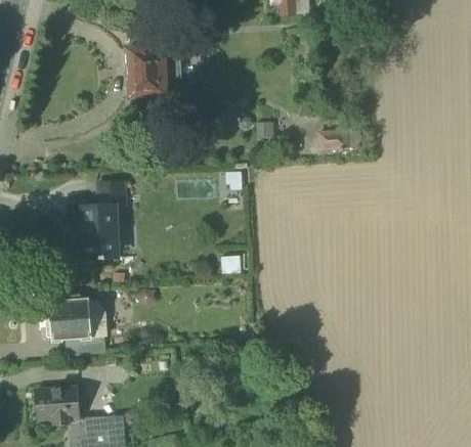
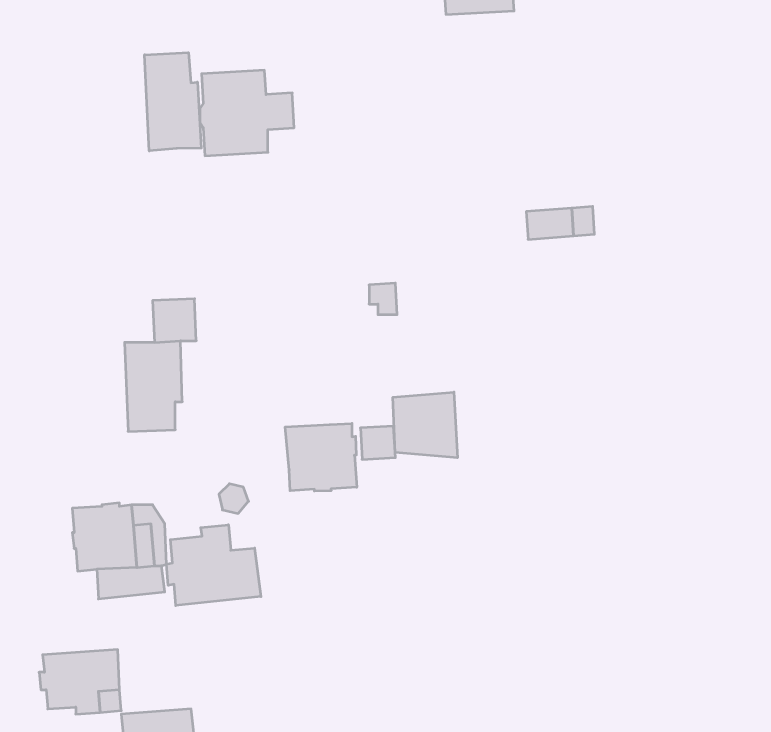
building: none -> [145,53,201,151]
building: none -> [393,392,457,458]
building: none -> [285,423,357,491]
building: none -> [167,525,261,606]

